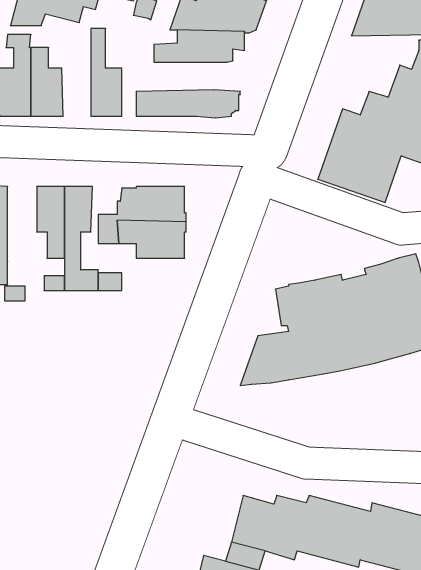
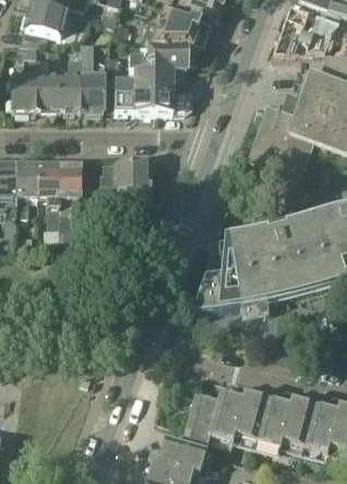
building: none -> [60,56,82,107]
building: none -> [116,66,188,88]
building: none -> [20,160,41,215]

